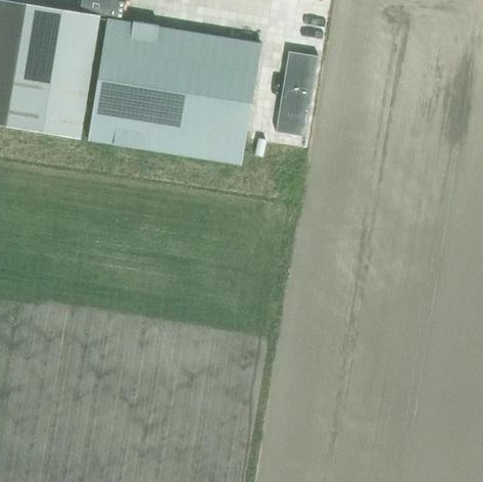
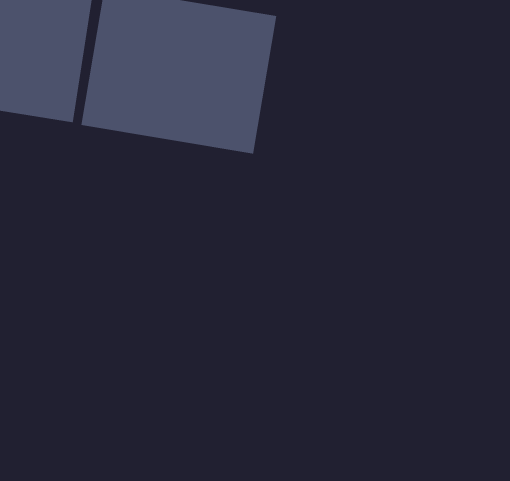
building: [275,50,318,136] -> none

